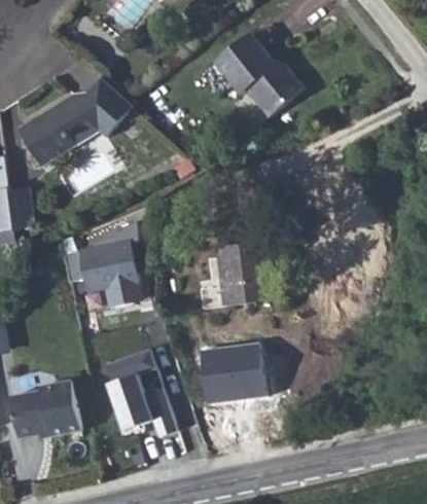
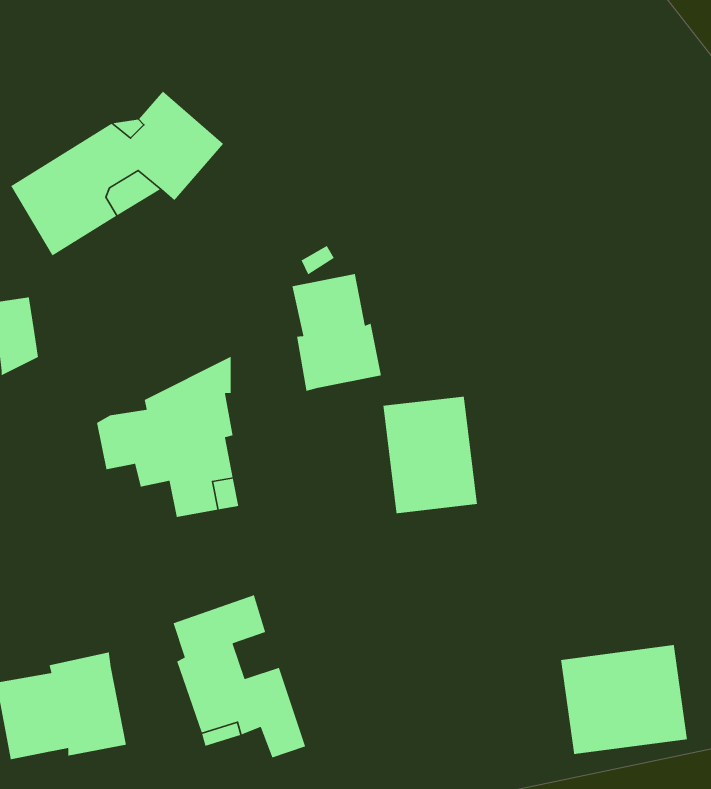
building: [213,33,303,117] -> none
building: none -> [292,273,382,392]
building: [195,343,264,402] -> [560,644,688,755]

